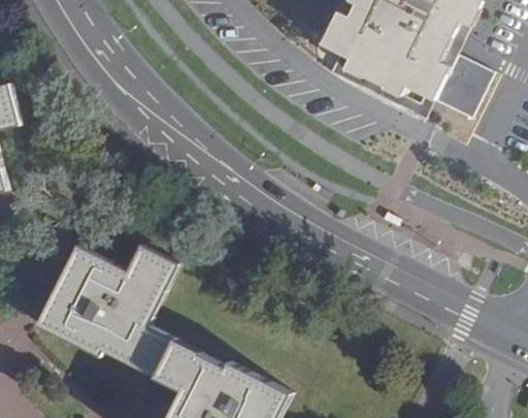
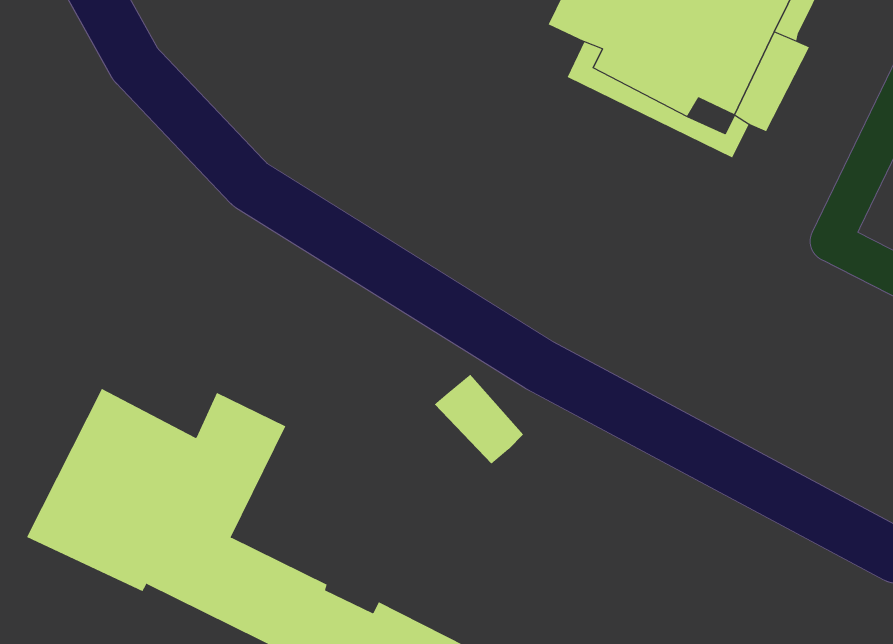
building: [441,57,492,117] -> none
building: none -> [434,374,524,465]

